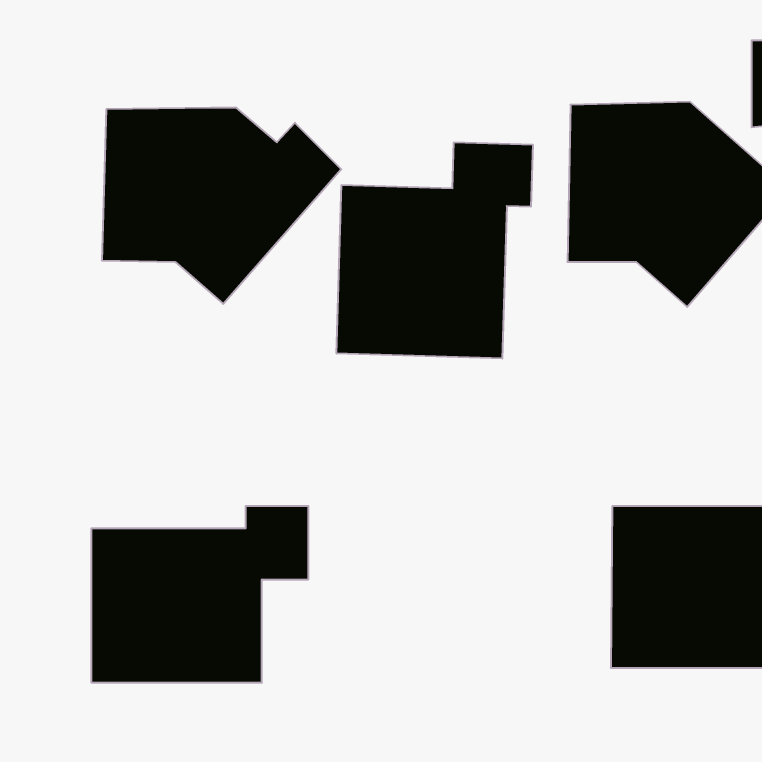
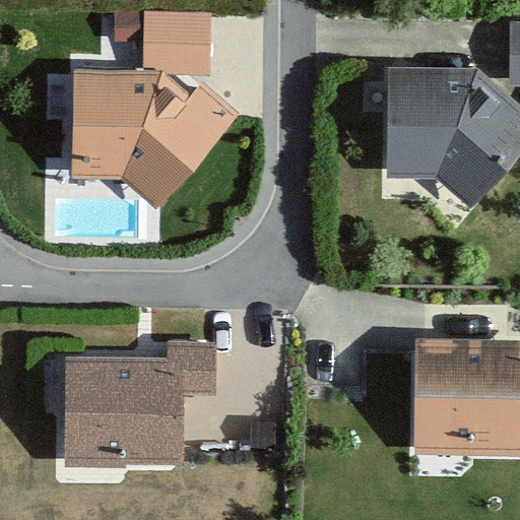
building: none -> [145,15,208,73]
building: [337,142,533,359] -> none

